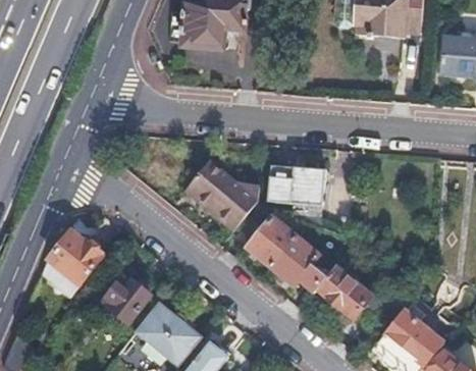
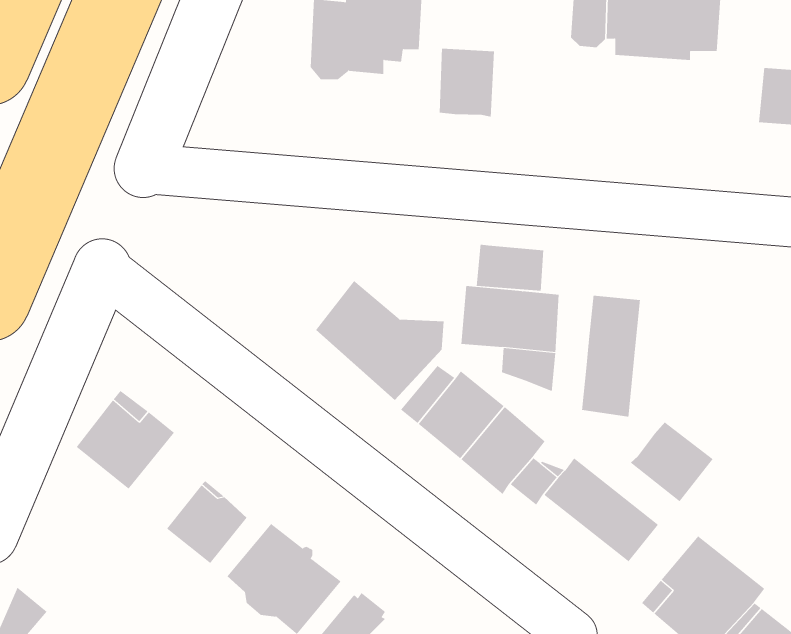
building: none -> [439,48,495,117]
building: none -> [476,244,544,291]
building: none -> [582,295,641,418]
building: none -> [630,421,714,502]

